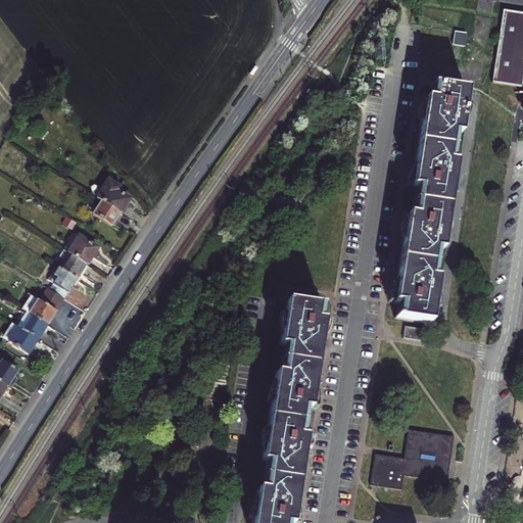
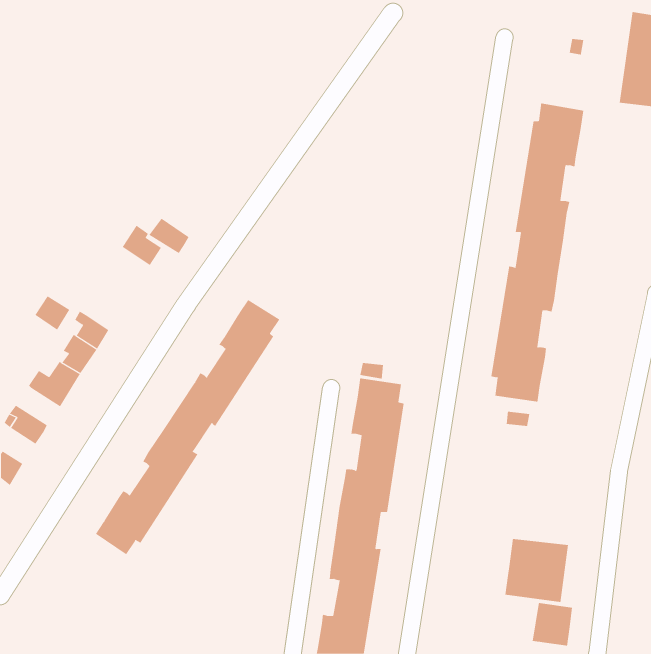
building: [91,196,124,225] -> [148,218,189,254]
building: [73,235,101,263] -> [34,296,70,330]
building: none -> [95,299,280,555]
building: [19,308,52,338] -> none
building: [375,454,408,488] -> [532,602,573,646]

